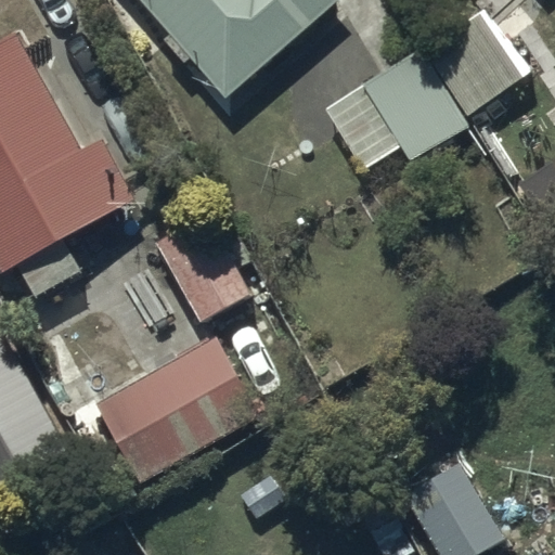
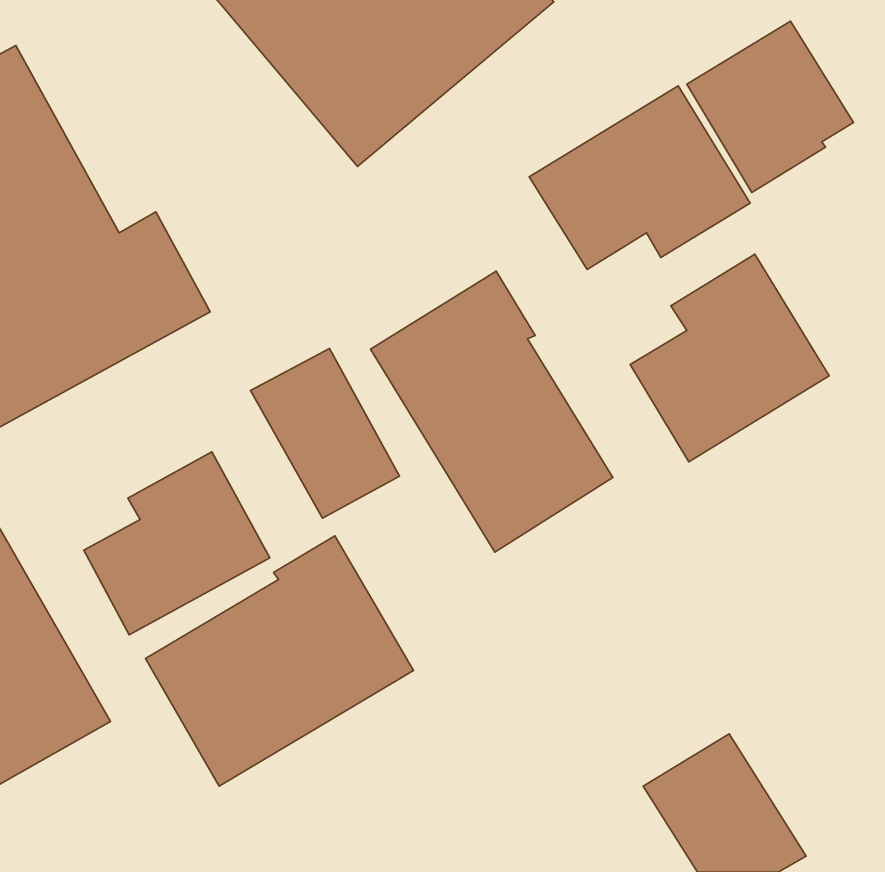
building: none -> [630,254,829,462]
building: none -> [371,271,613,552]
building: none -> [84,452,270,635]

